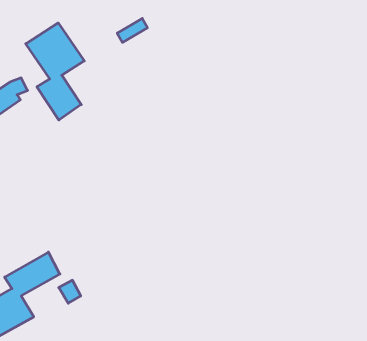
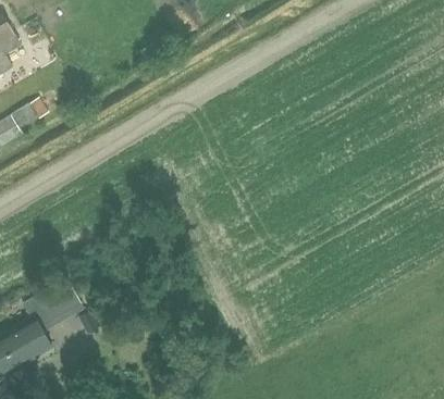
building: [26,23,84,120] -> none

